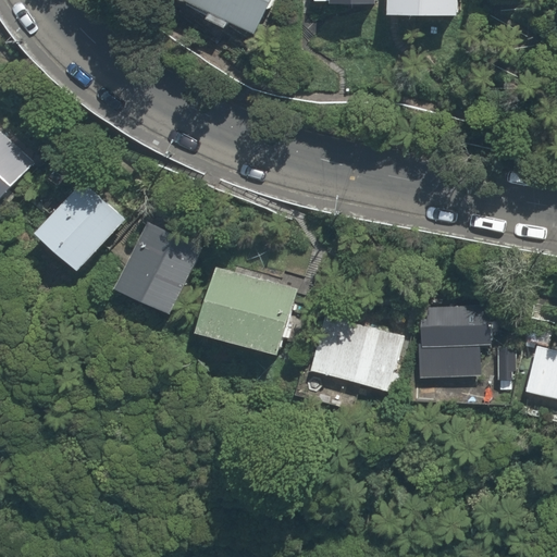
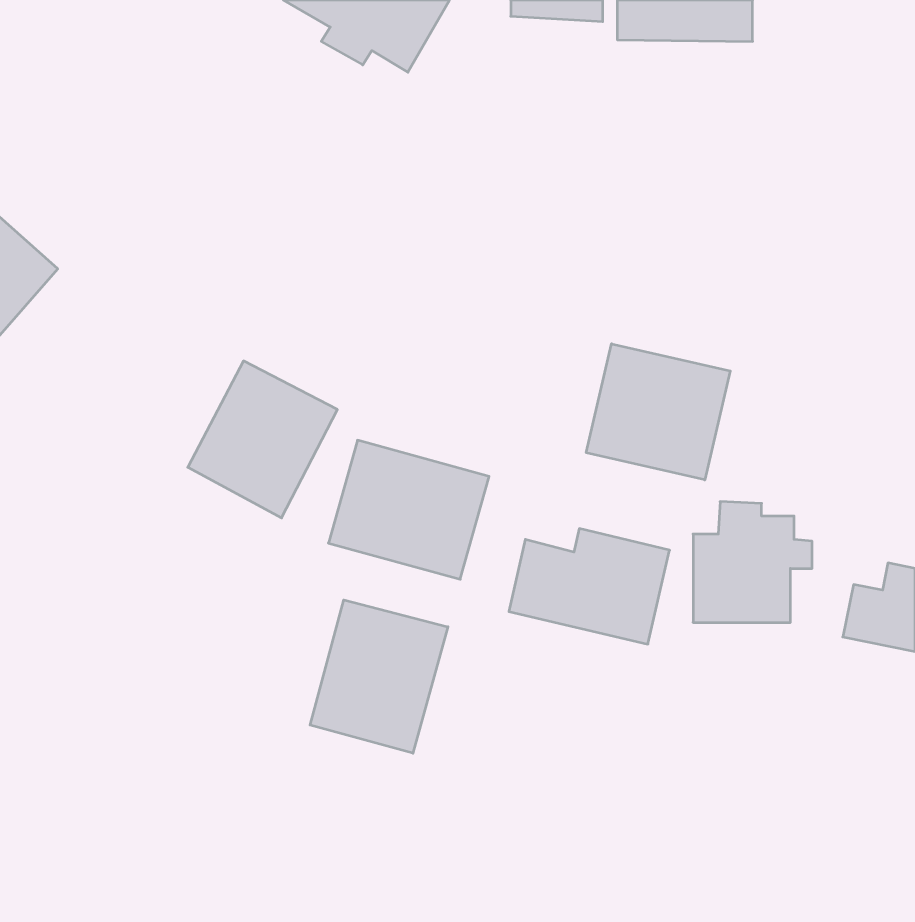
building: [39,190,123,265] -> none
building: none -> [586,344,730,480]
building: none -> [310,600,448,753]

